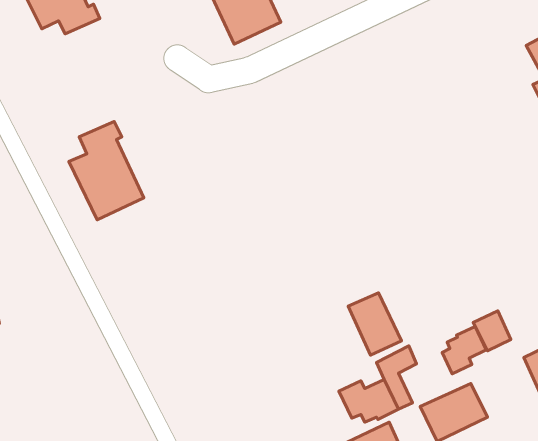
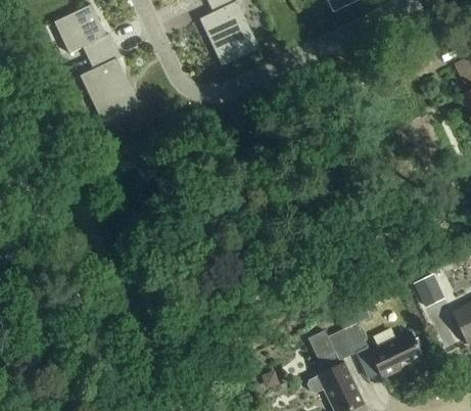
building: [69,121,144,220] -> [81,44,140,122]
building: [348,293,402,355] -> none
building: [442,327,486,374] -> none

